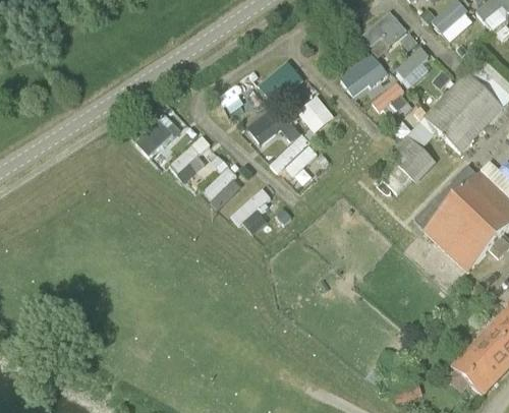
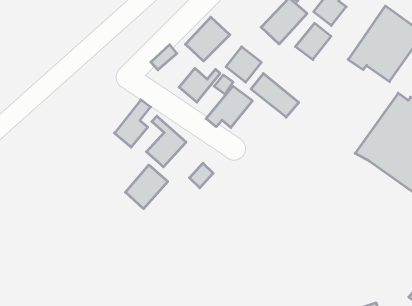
building: [134,113,180,155] -> none
building: none -> [251,73,299,117]
building: [391,136,434,179] -> none
building: none -> [125,165,168,209]

